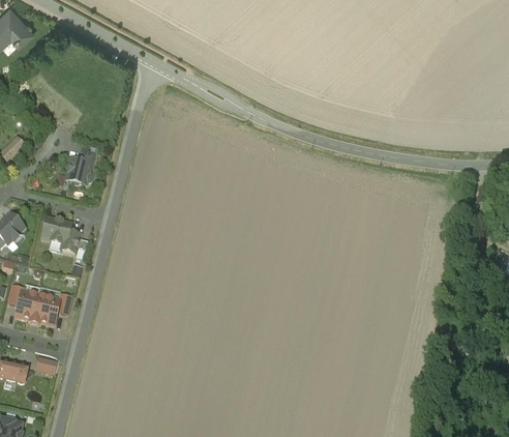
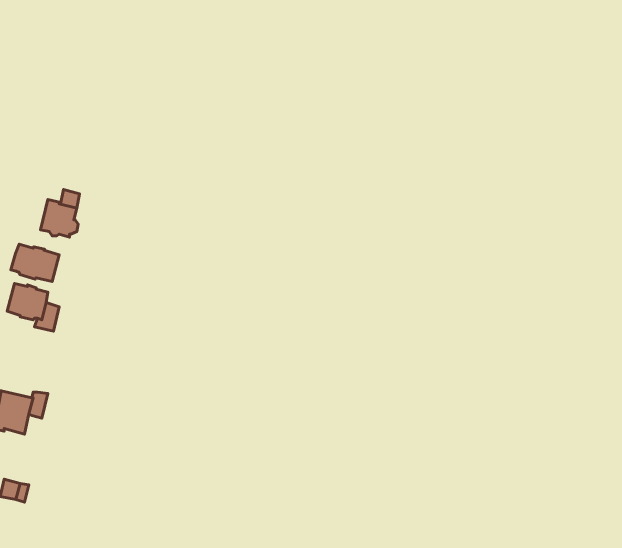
building: none -> [11,244,59,281]

